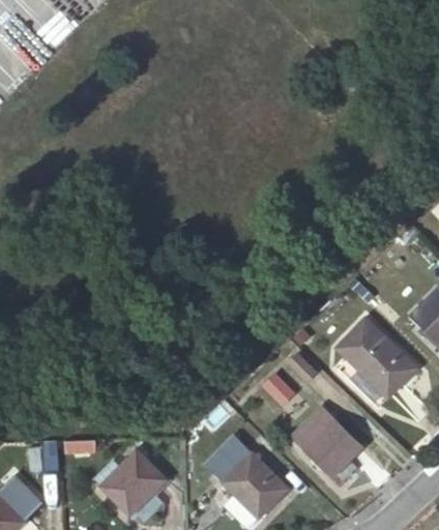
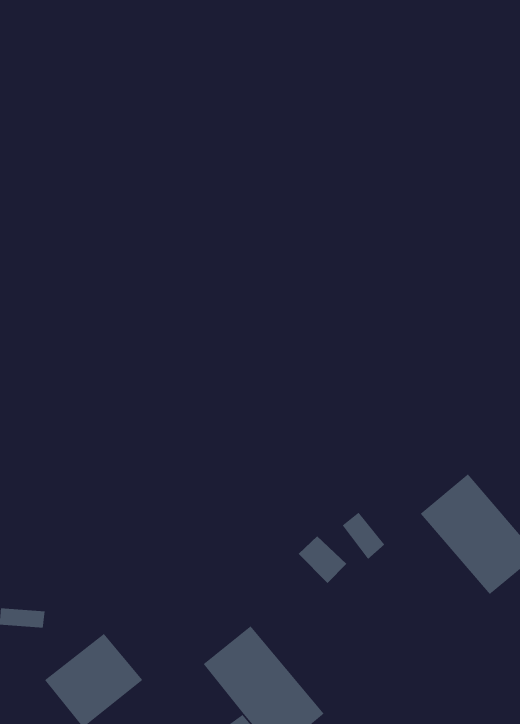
building: [292,407,362,476] -> none

